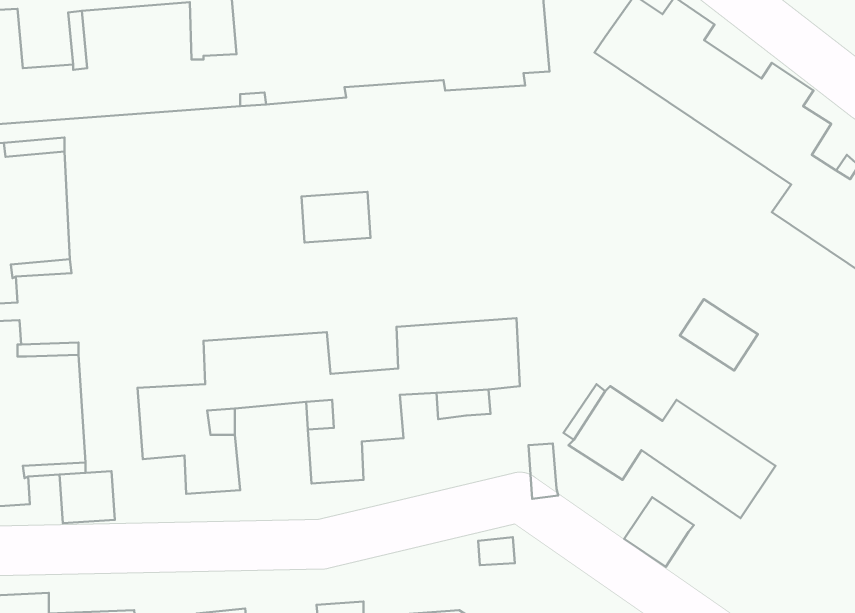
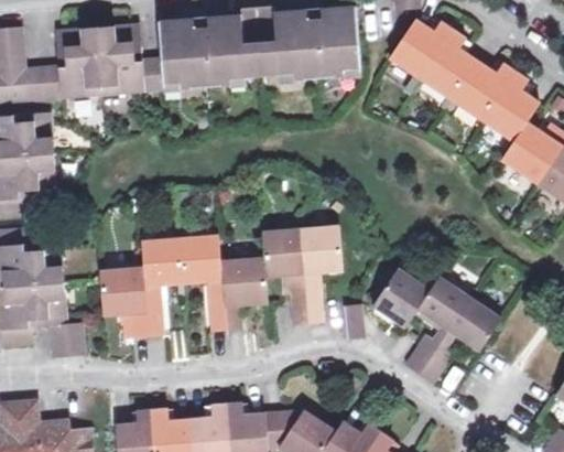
building: [301,192,370,243] -> none
building: [680,299,758,370] -> none
building: none -> [289,286,325,324]

